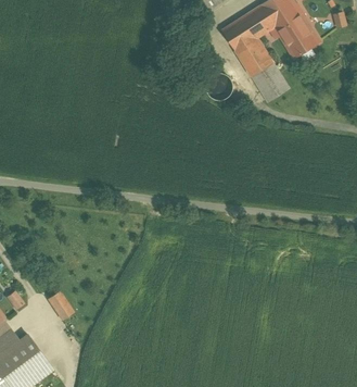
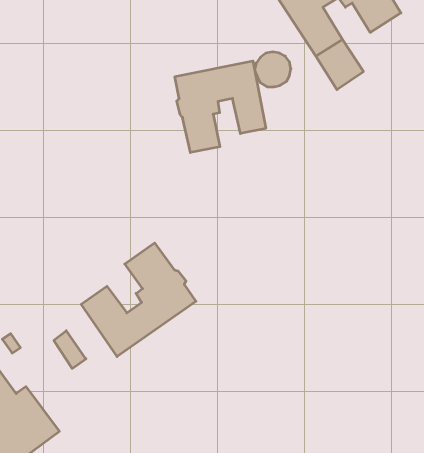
building: none -> [175,61,266,153]
building: none -> [81,243,196,357]

